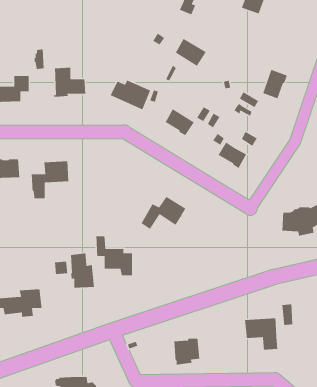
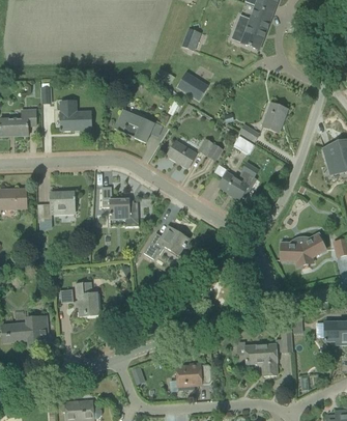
building: [95,235,133,276] -> [102,186,138,225]

